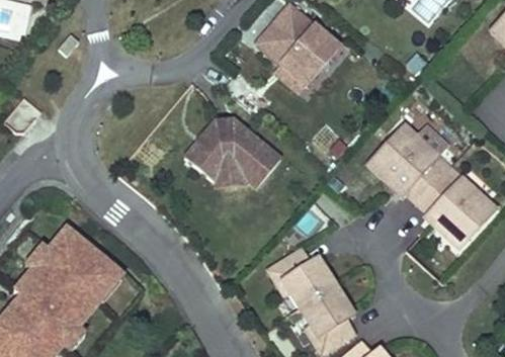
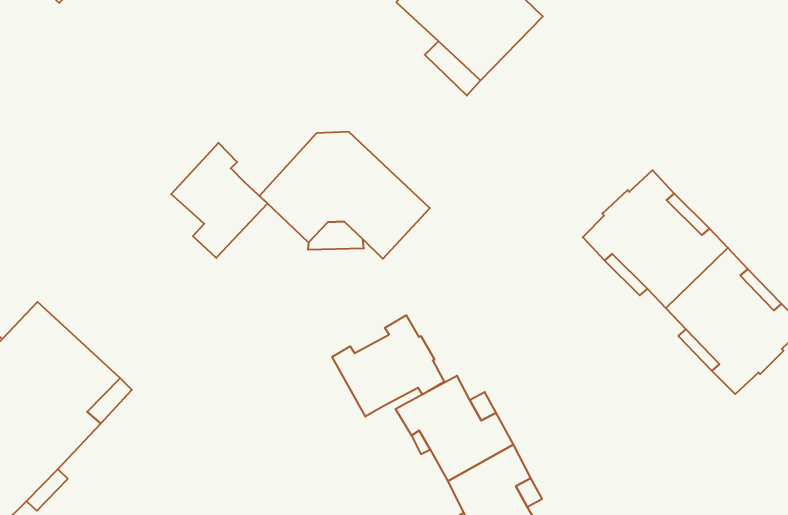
building: none -> [171,143,268,258]
building: none -> [332,315,444,417]

